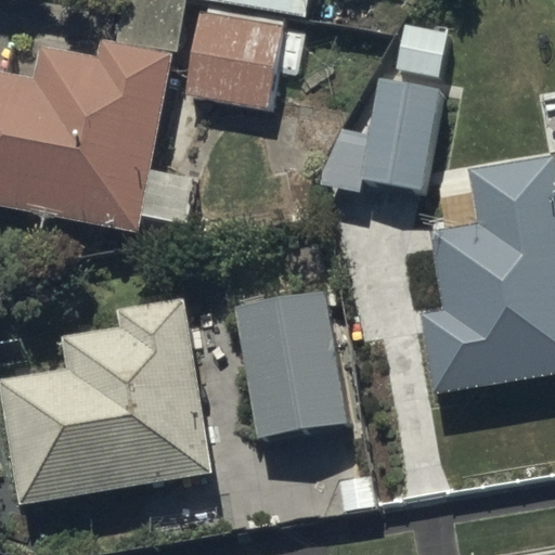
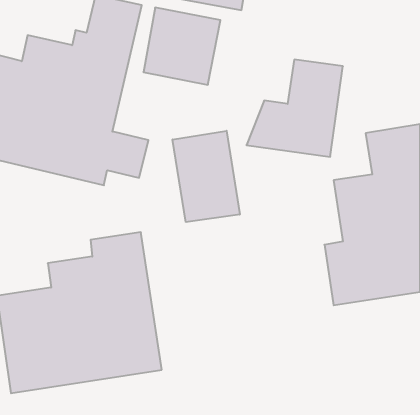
building: none -> [173,131,240,222]
building: [236,292,353,442] -> none

